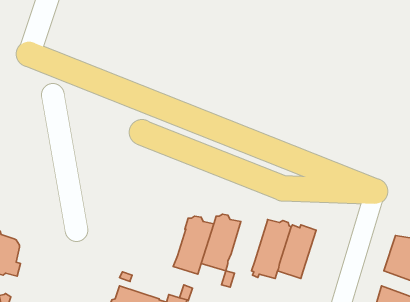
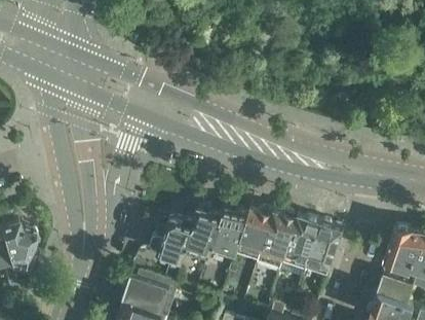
building: none -> [235,211,273,263]
building: none -> [150,222,195,284]
building: none -> [305,224,343,278]

